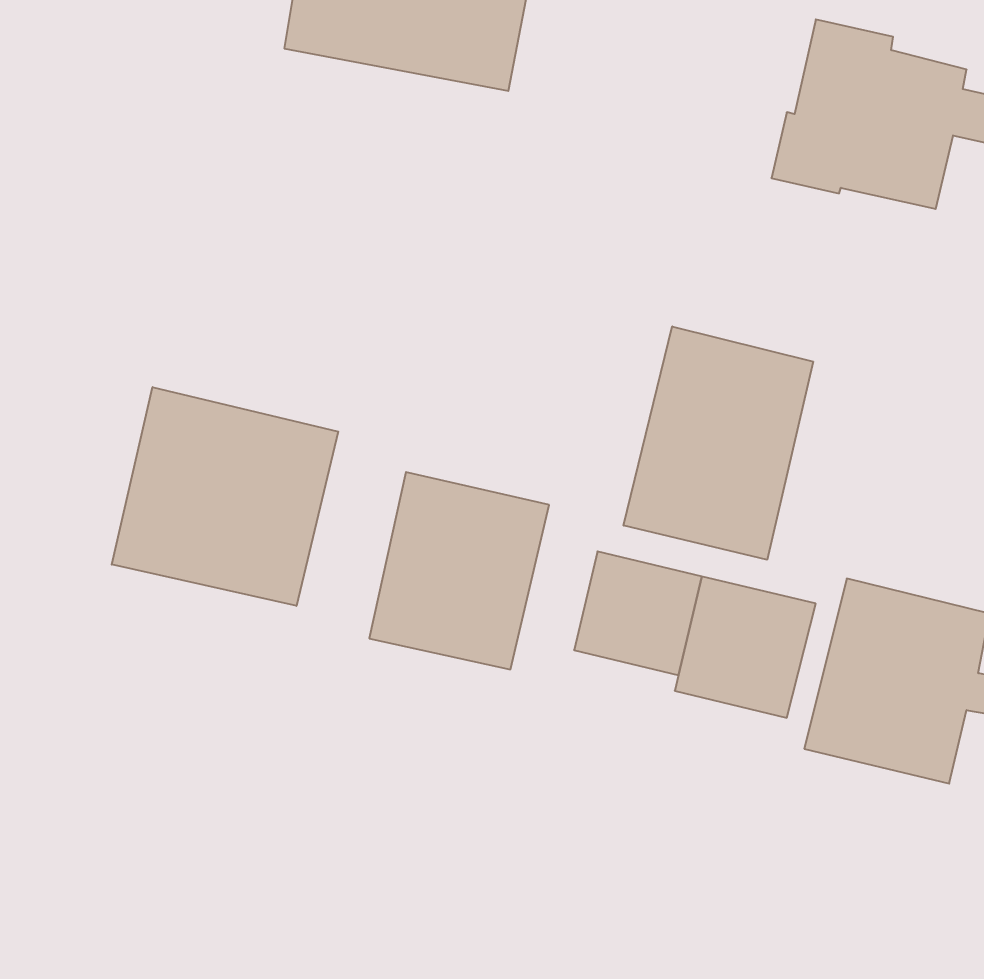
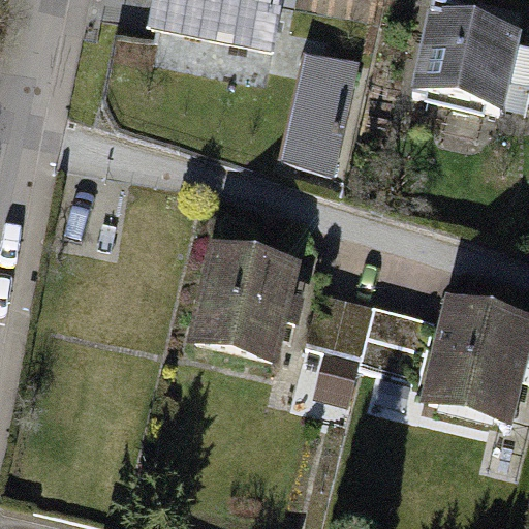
building: none -> [282,55,360,174]
building: [624,326,813,560] -> none
building: [112,387,338,606] -> none

